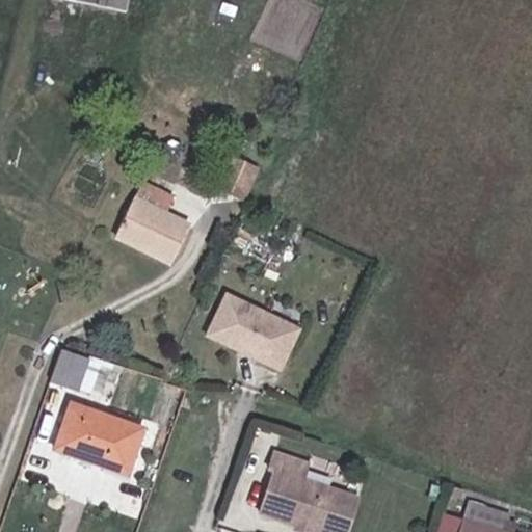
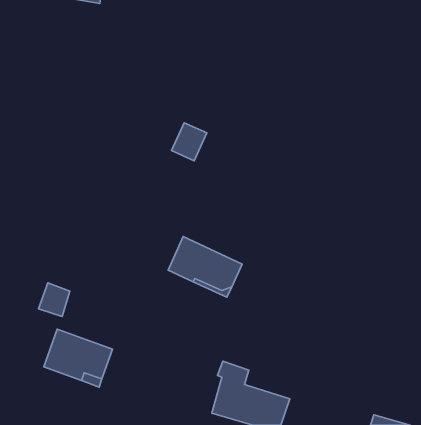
building: [118,198,191,262] -> none

